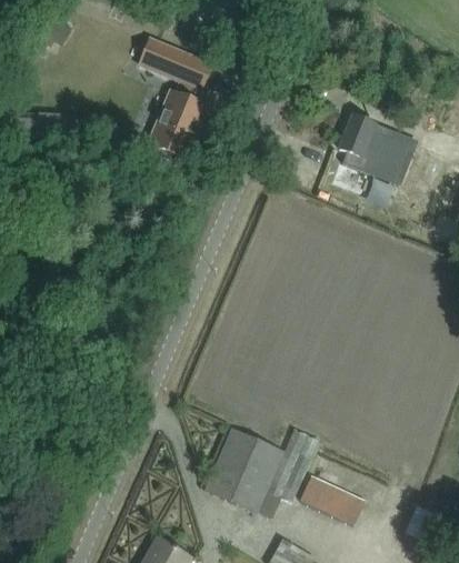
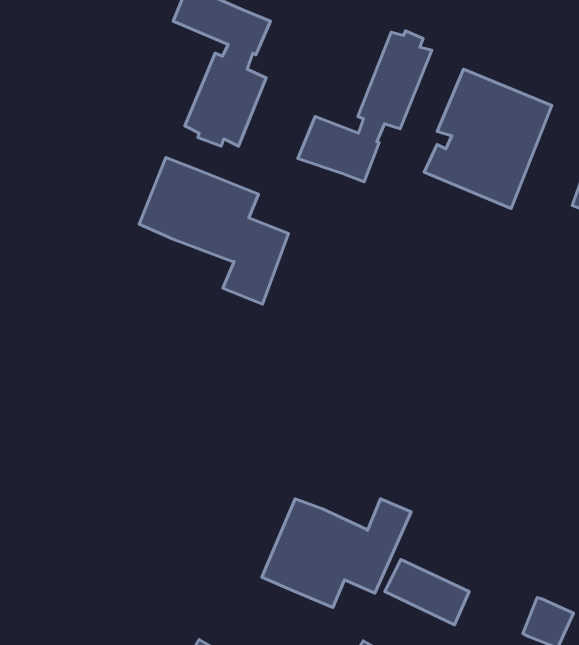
building: none -> [298,31,432,182]
building: none -> [139,157,289,304]

